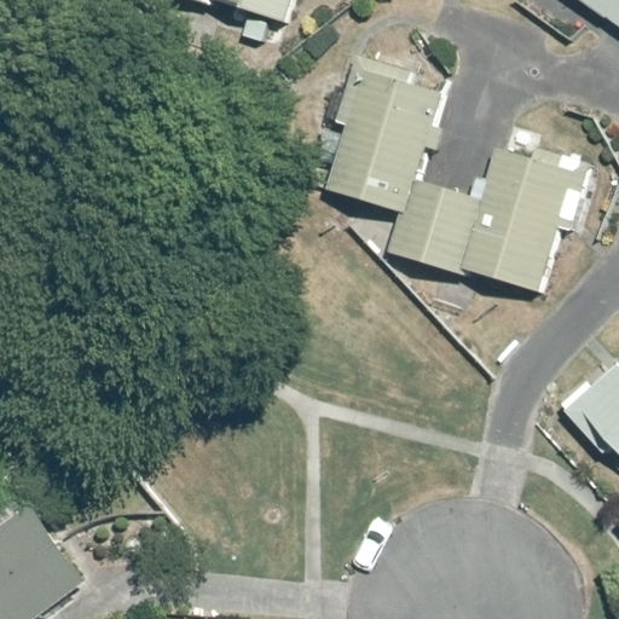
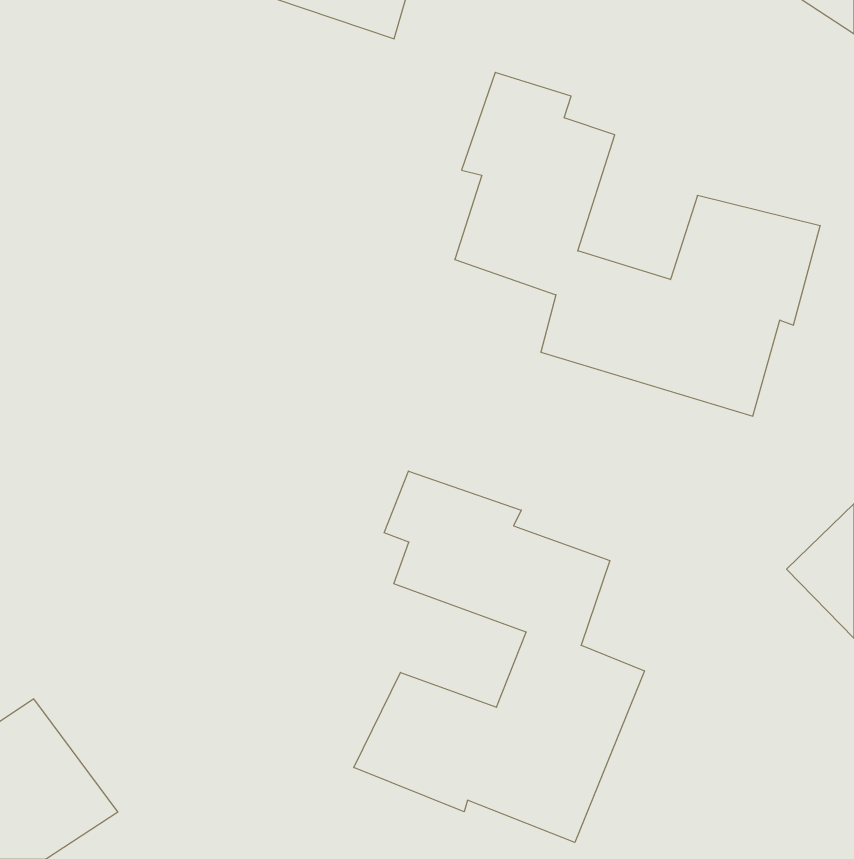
building: none -> [354,471,644,842]

